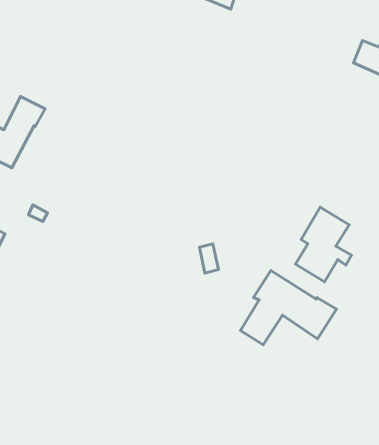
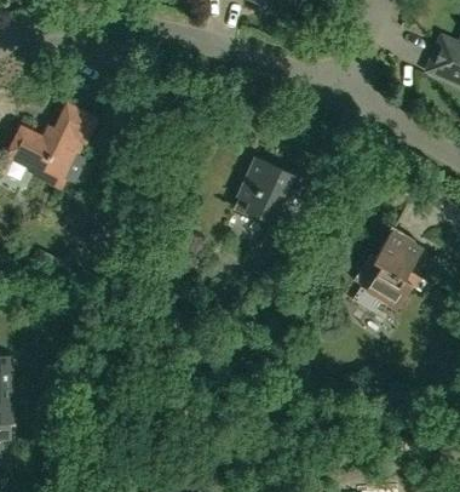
building: none -> [235,158,305,256]
building: [241,270,337,345] -> none

